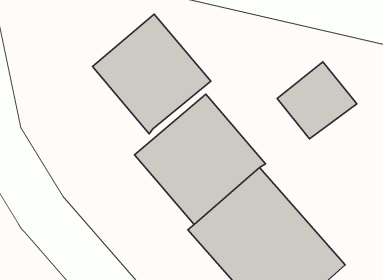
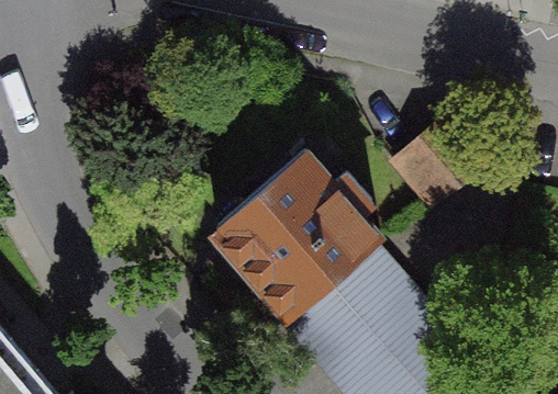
building: [92,14,211,134] -> none

